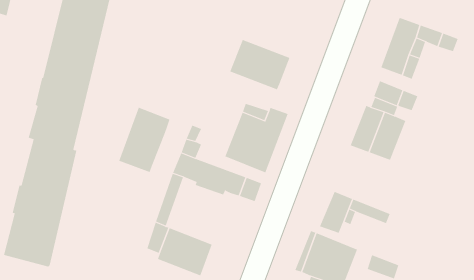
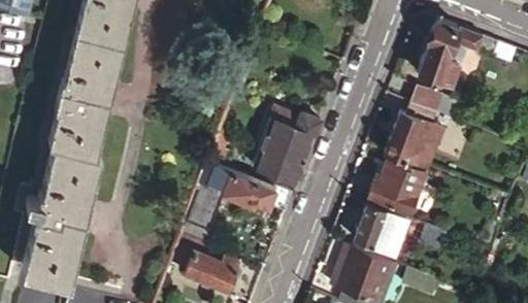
building: [230,39,290,90] -> none
building: [119,107,170,173] -> none
building: none -> [368,159,427,215]

